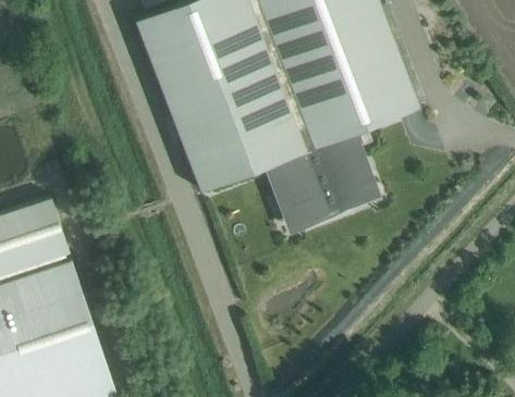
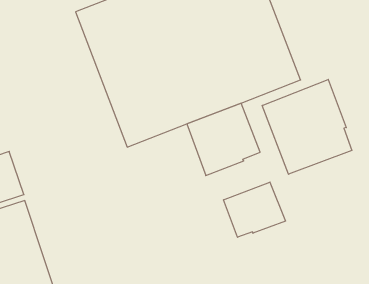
building: none -> [262,79,352,174]
building: none -> [224,182,285,237]

